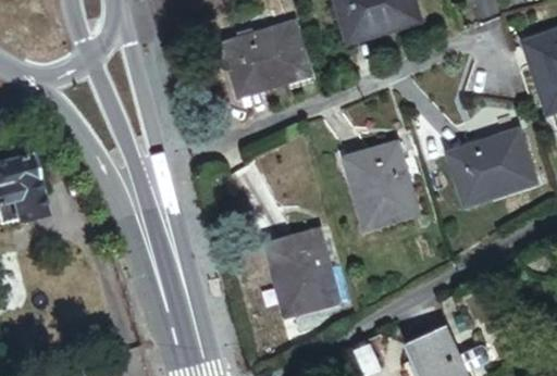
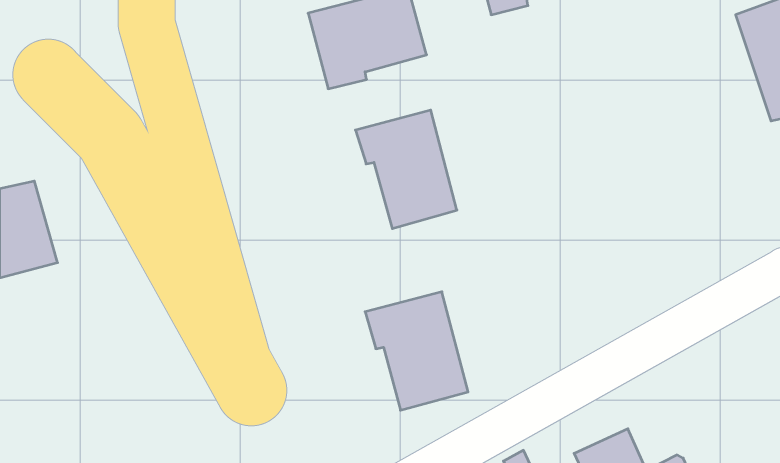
building: [449,137,533,210] -> none
building: [345,149,417,233] -> [355,110,457,229]

